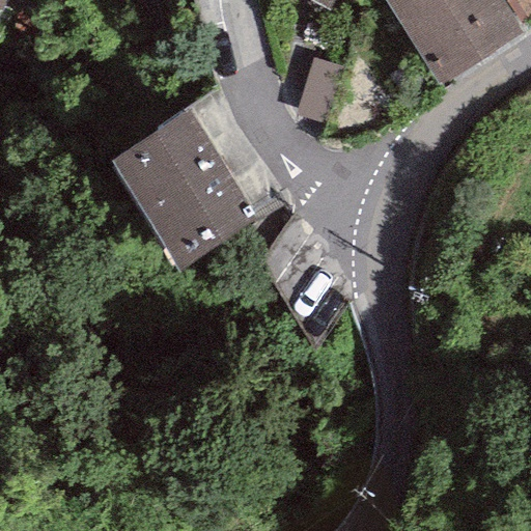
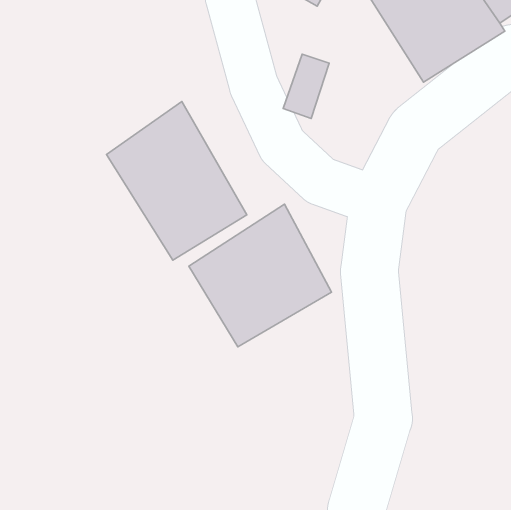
building: none -> [189,204,332,347]

